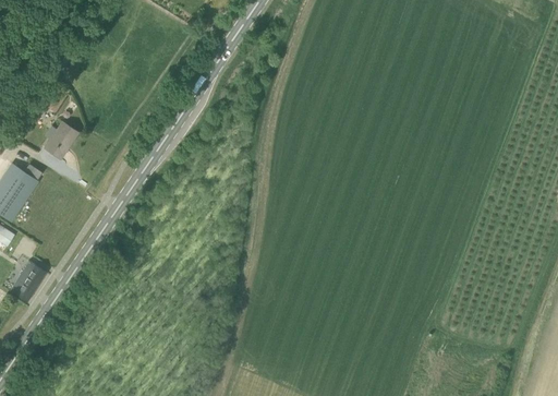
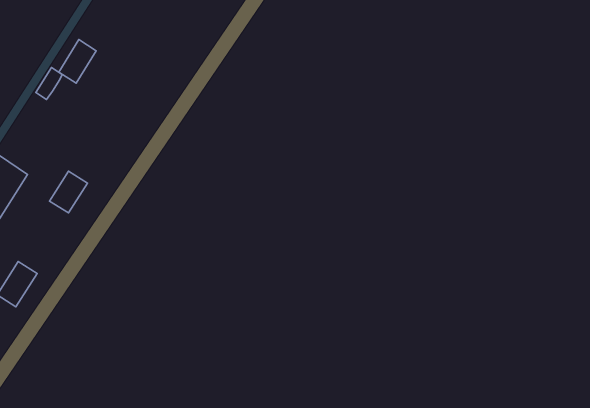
building: none -> [59,40,96,83]
building: [45,120,80,158] -> [50,171,88,213]

